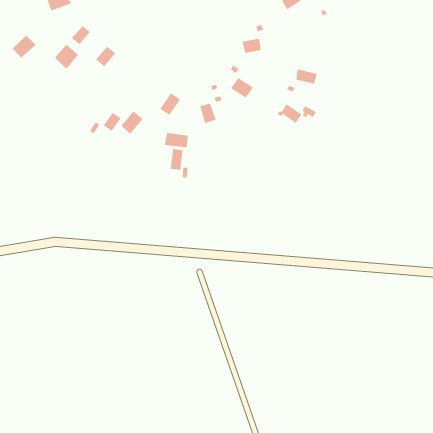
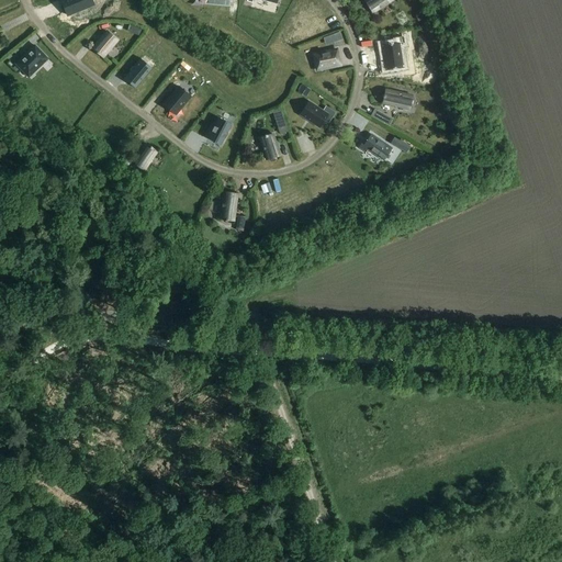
building: none -> [381,36,401,69]
building: [54,44,79,69] -> none
building: [120,111,143,134] -> [161,85,191,115]
building: [164,132,189,148] -> none

